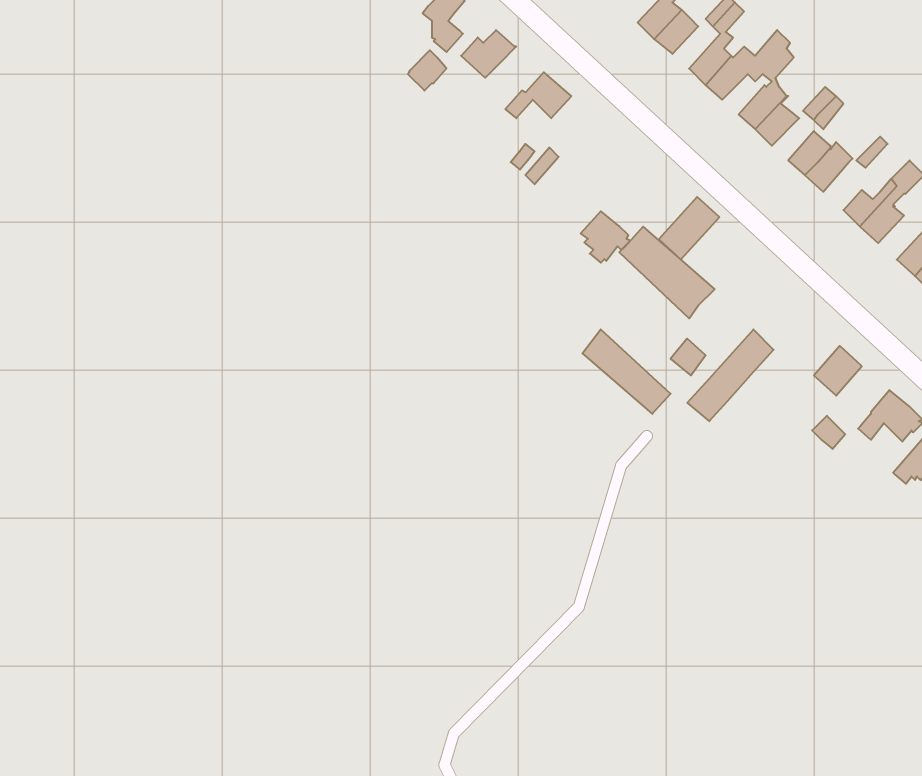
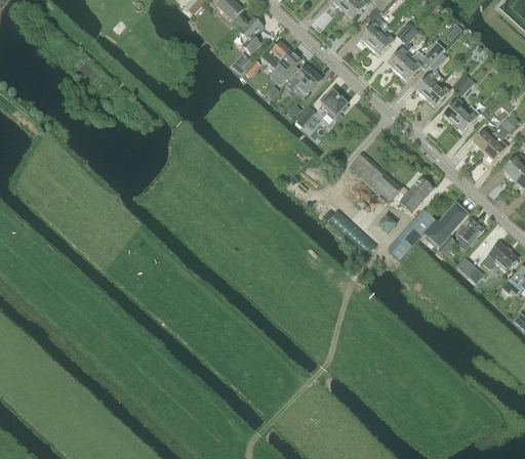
building: none -> [274,50,300,81]
building: [659,197,719,259] -> [399,176,433,211]
building: [581,211,630,263] -> [321,90,349,119]
building: none -> [423,202,469,246]

